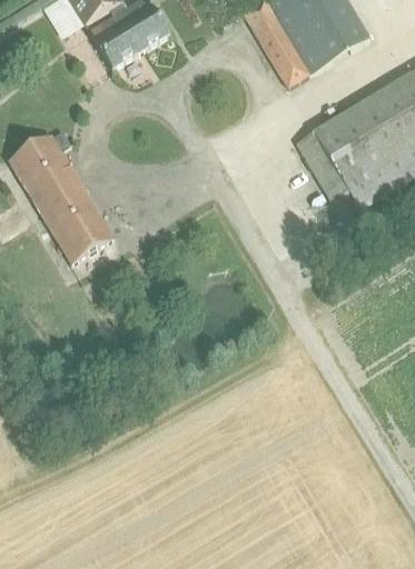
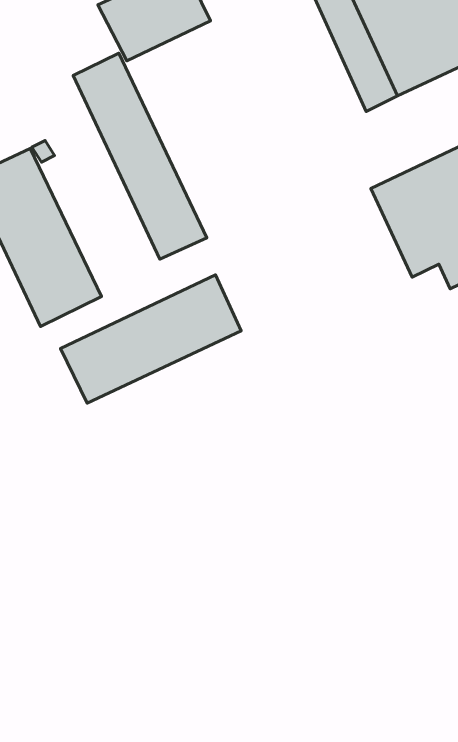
building: none -> [73,53,207,259]
building: none -> [61,275,241,403]

